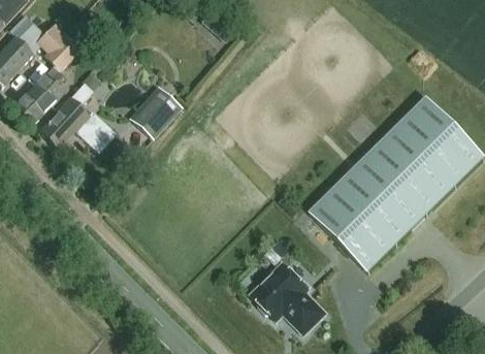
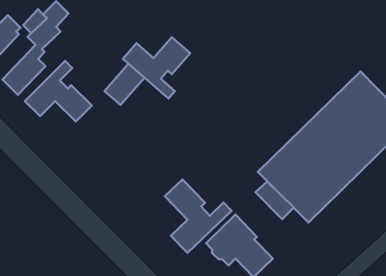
building: none -> [123,37,190,99]
building: none -> [165,179,231,253]
building: none -> [256,181,294,219]

